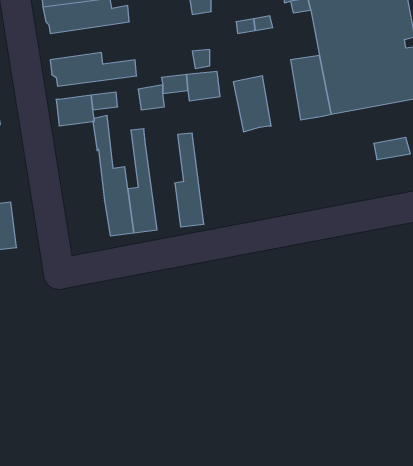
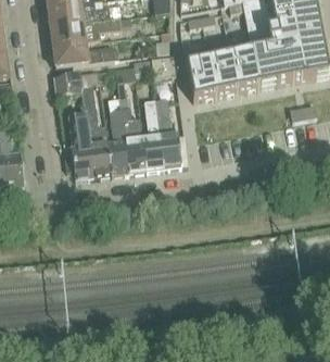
building: none -> [50,16,123,46]
building: none -> [206,46,237,95]
building: none -> [120,96,148,172]
building: none -> [156,98,182,167]
building: none -> [65,112,96,178]

